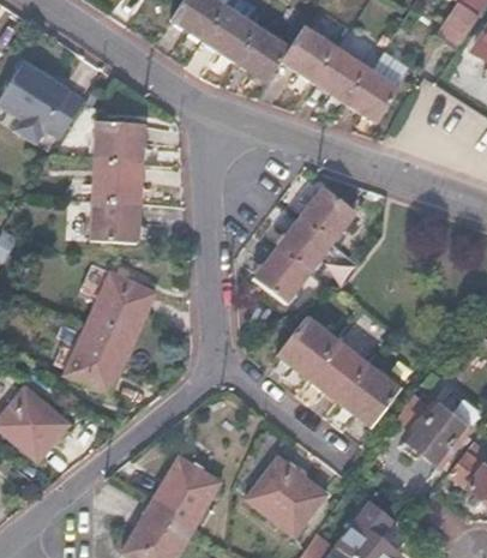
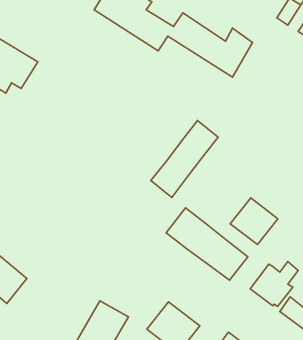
building: [91,121,144,244] -> none
building: [65,263,156,395] -> none
building: none -> [230,198,278,245]

